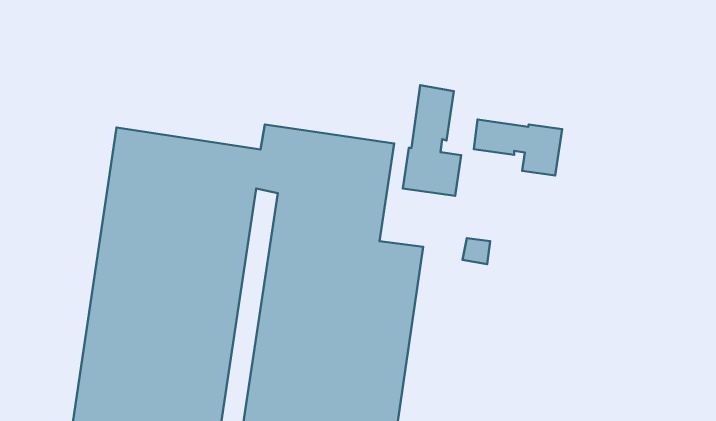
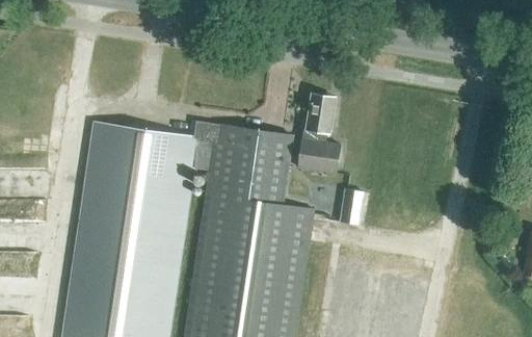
building: [474,119,562,175] -> none

